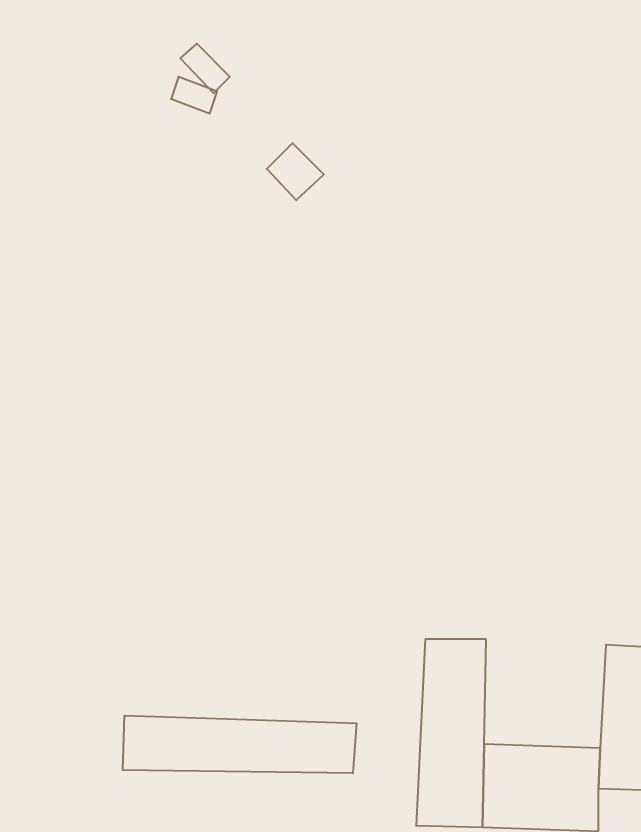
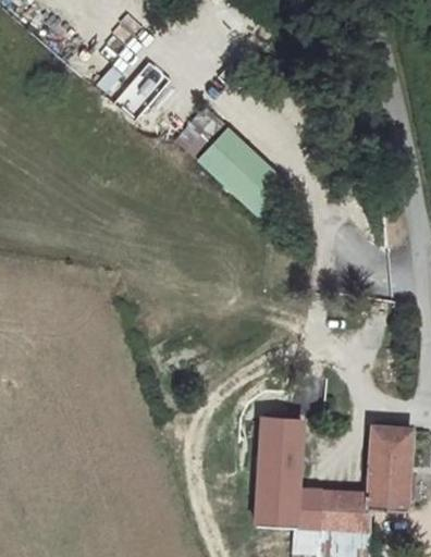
building: none -> [193,127,288,222]
building: [123,716,356,773] -> none

